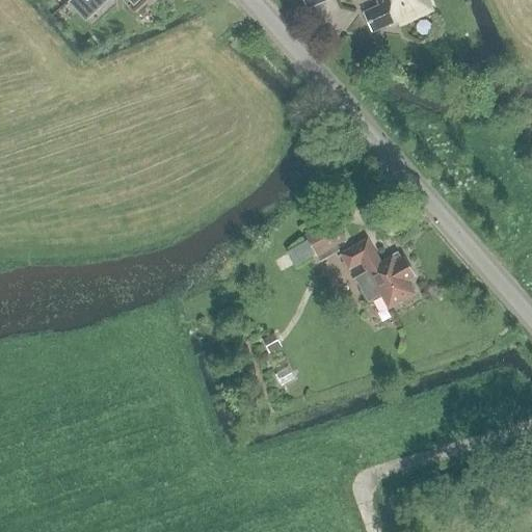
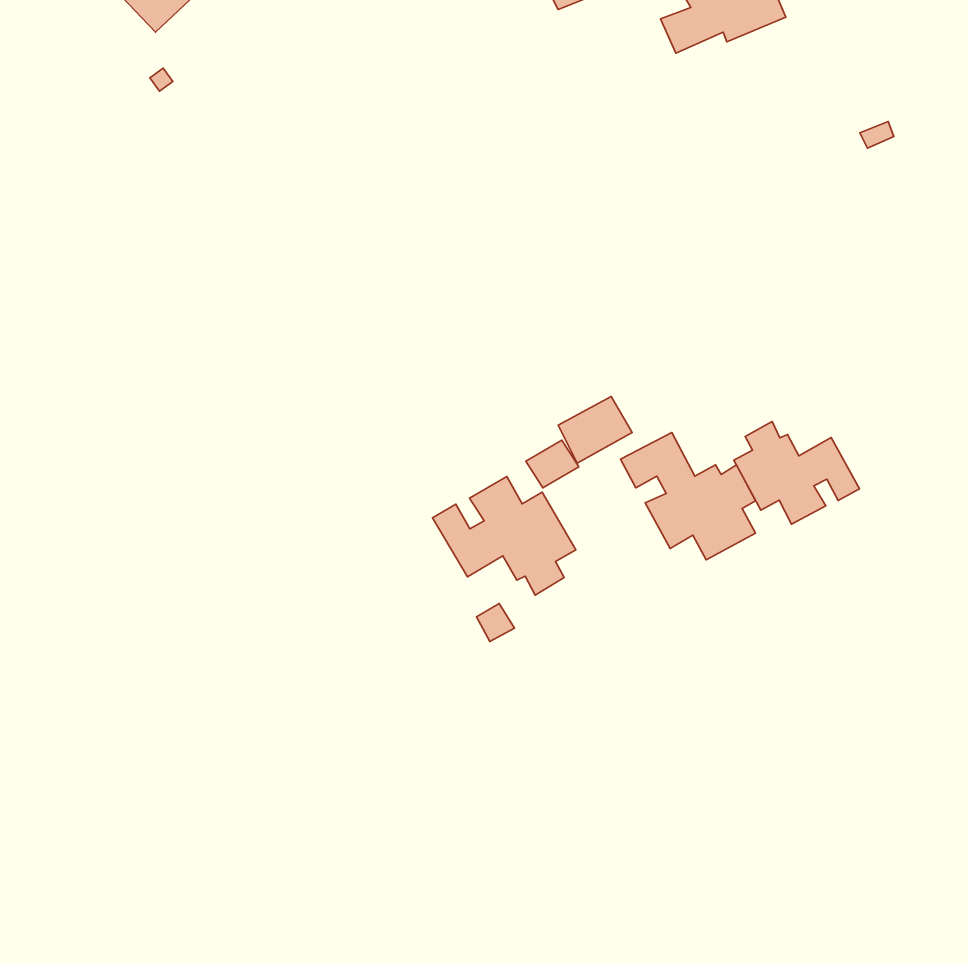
building: none -> [734,422,859,524]
building: none -> [433,476,576,595]

